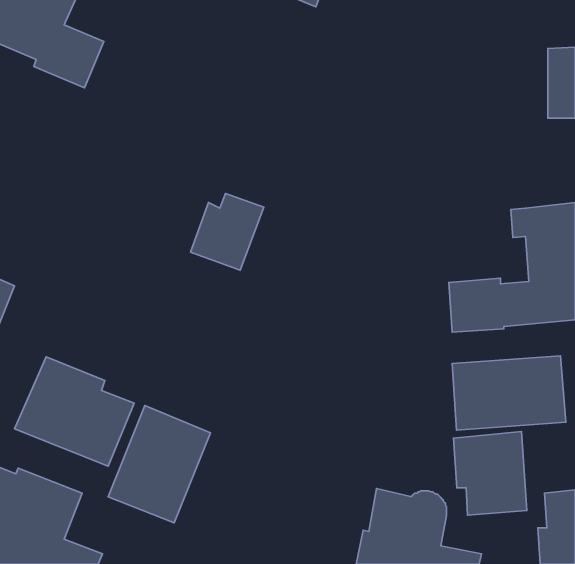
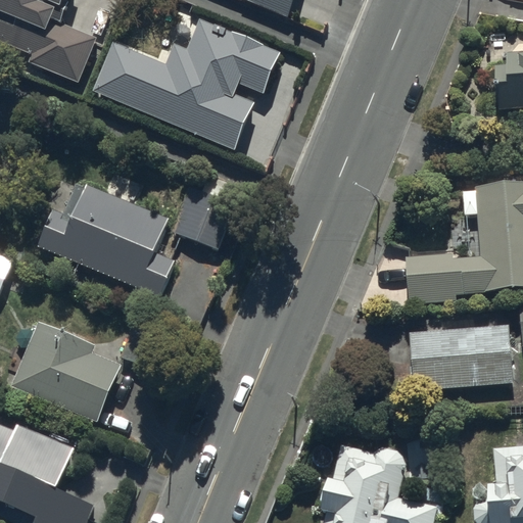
building: none -> [90,20,280,152]
building: none -> [38,180,174,295]
building: [108,406,211,523] -> none
building: [453,431,527,515] -> none

